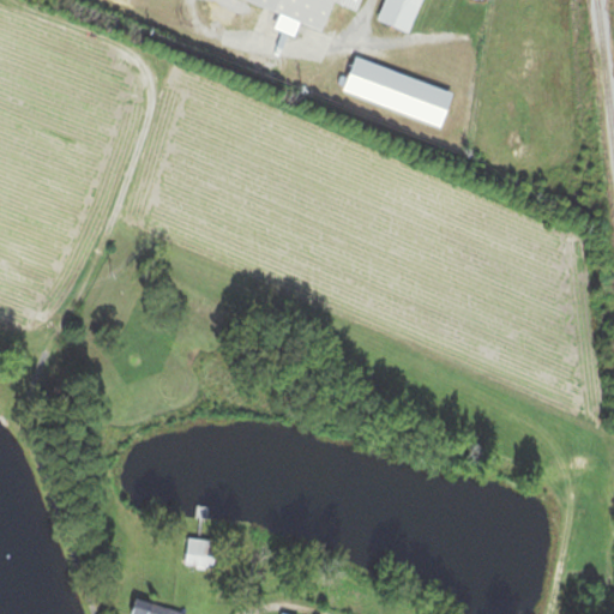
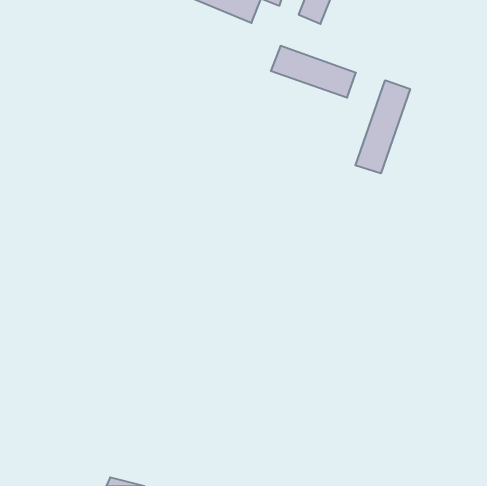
building: none -> [355,80,410,173]
building: [188,537,221,568] -> none

